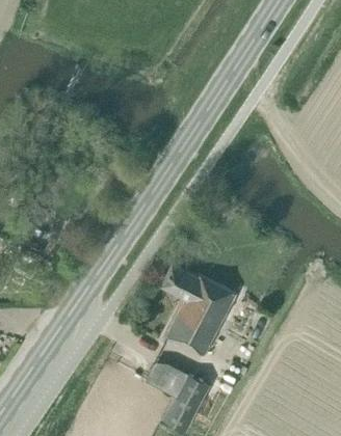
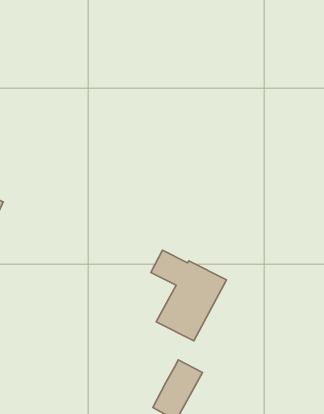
building: [156,363,187,397] -> none

